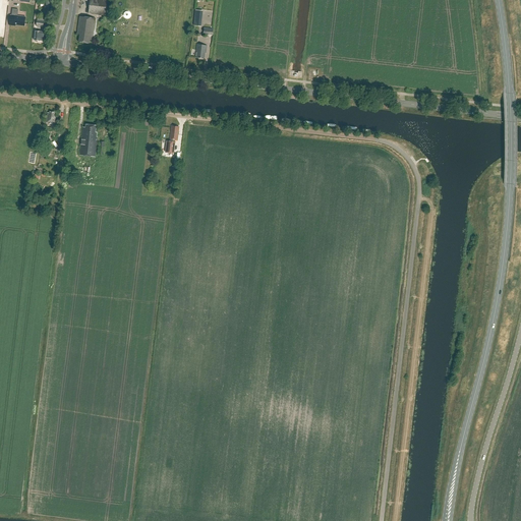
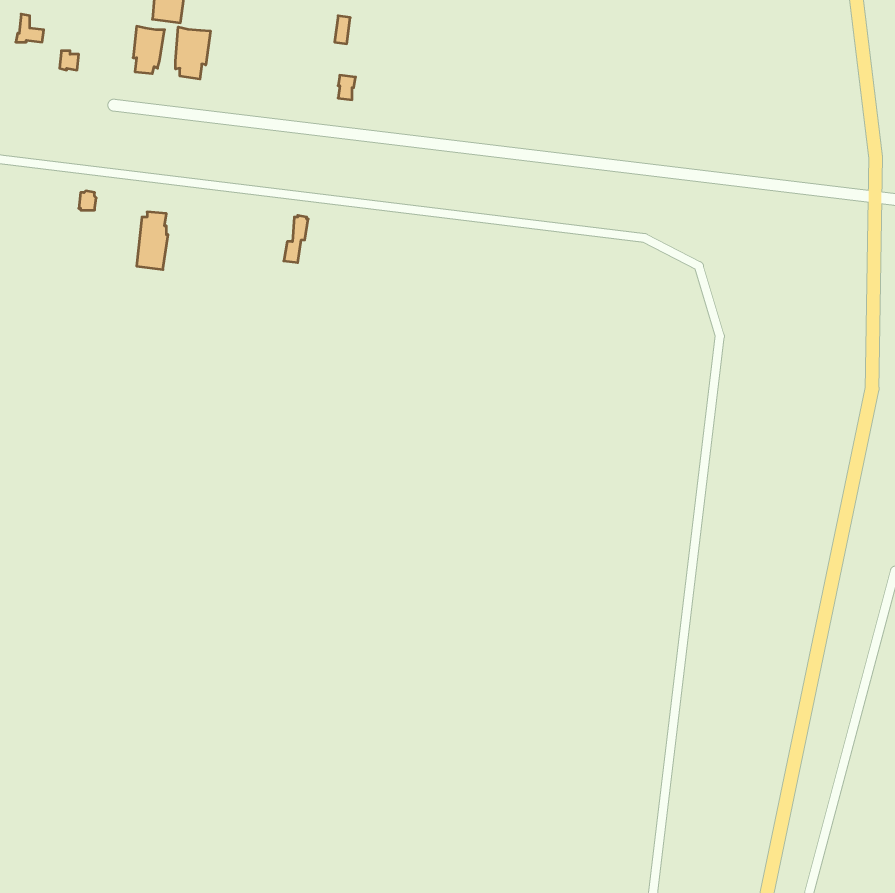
building: none -> [175,27,210,79]

